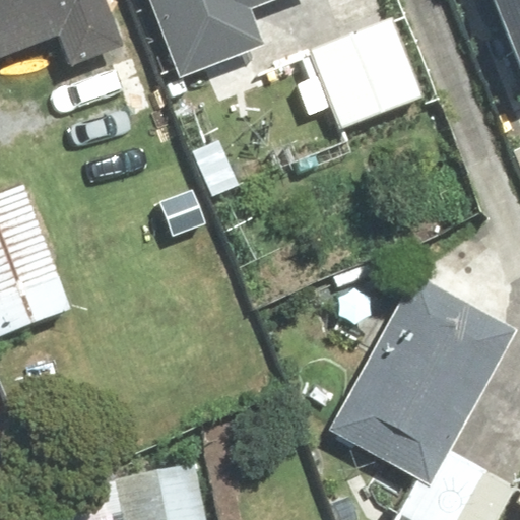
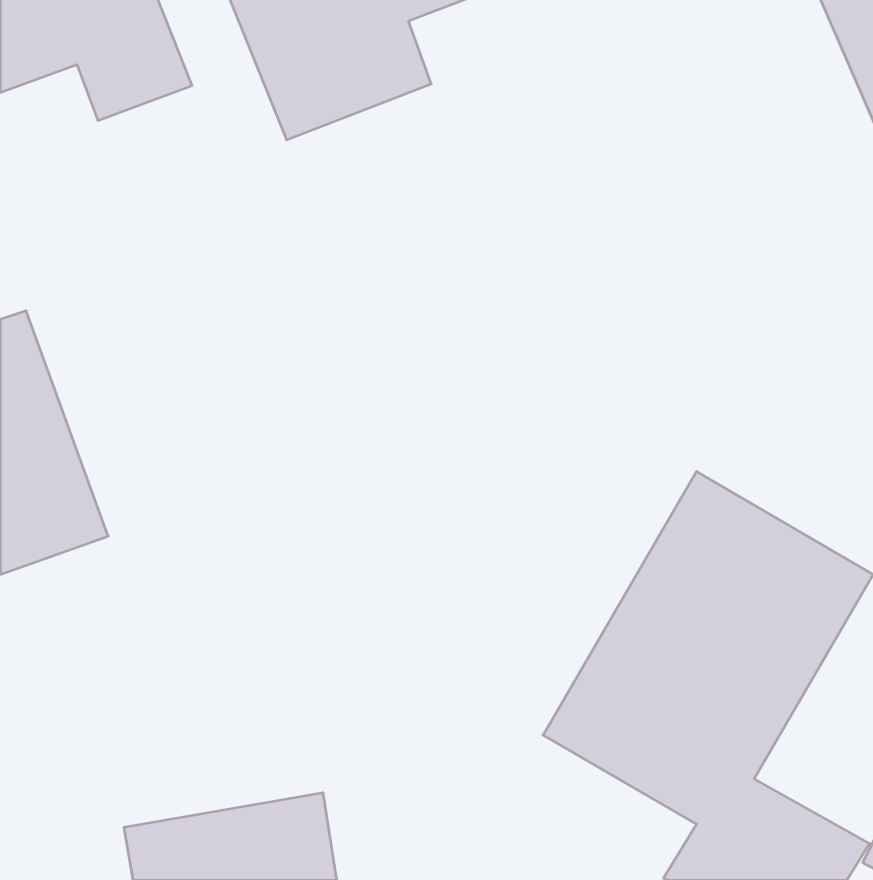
building: [309,17,420,129] -> none

